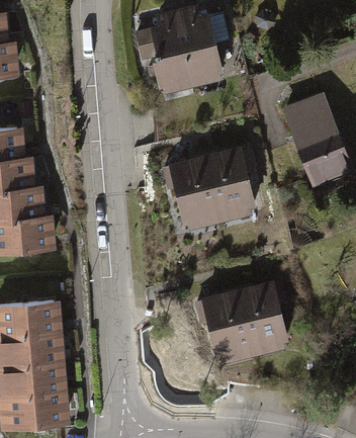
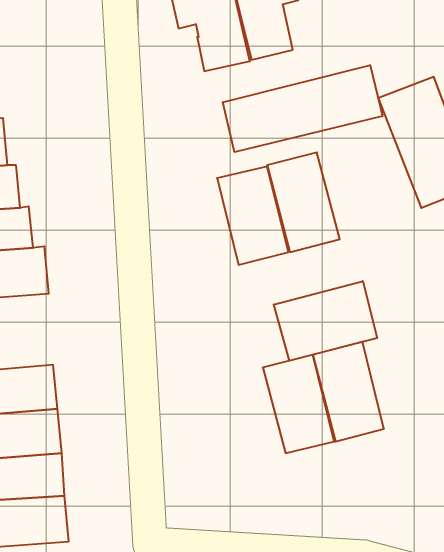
building: none -> [223,65,383,152]
building: none -> [274,281,377,361]

